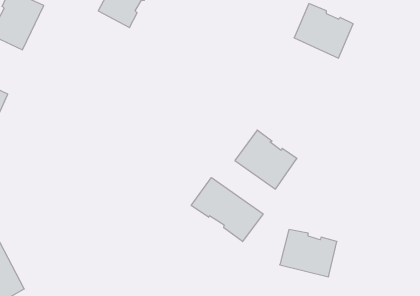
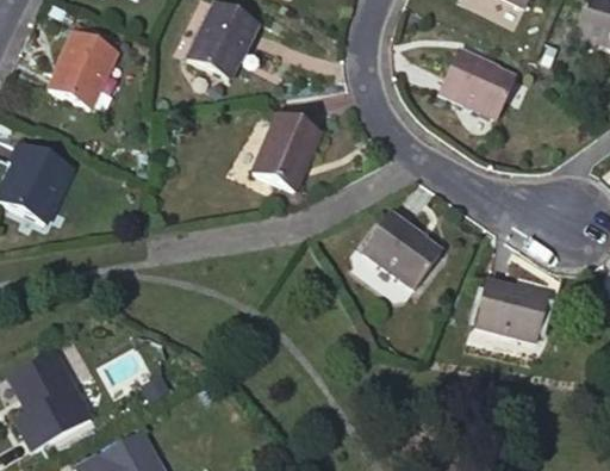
building: none -> [253,111,322,188]
building: [191,178,263,242] -> none
building: [280,230,337,277] -> [475,279,549,340]

